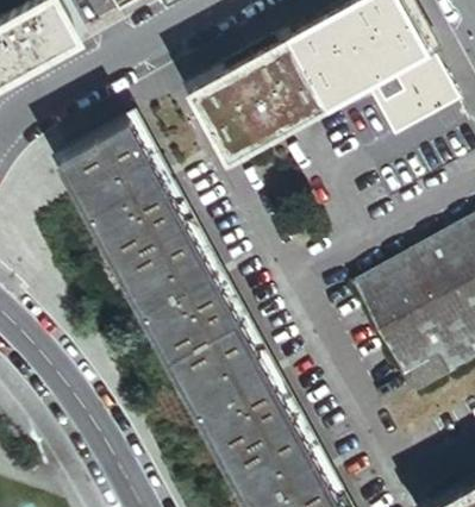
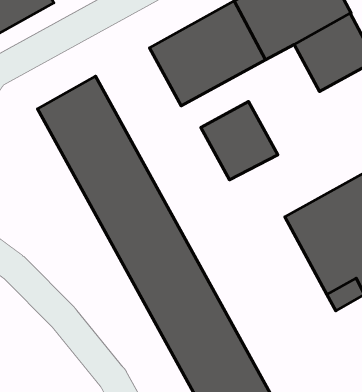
building: none -> [201,101,278,180]

